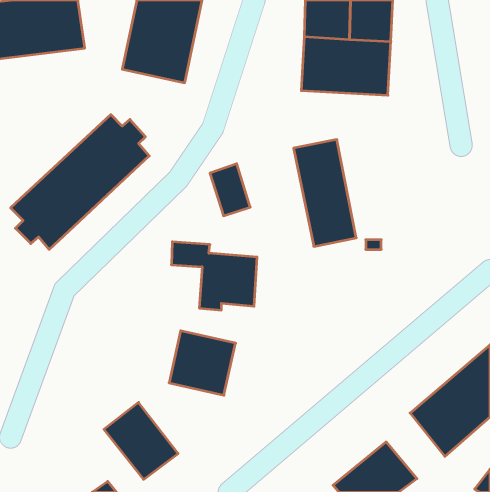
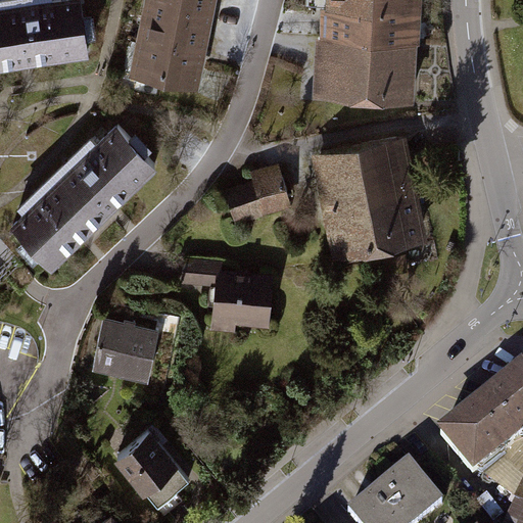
building: none -> [358,138,425,252]
building: none -> [251,167,290,220]
building: [169,331,236,395] -> [89,313,159,381]

